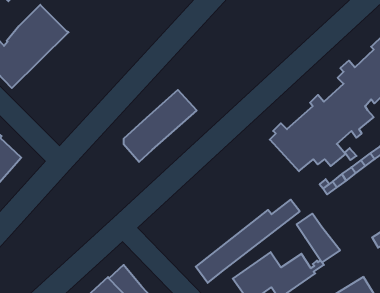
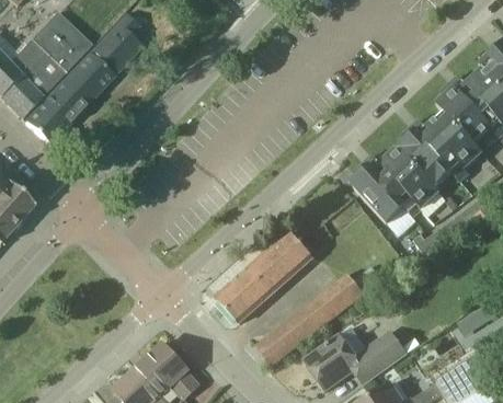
building: none -> [25,12,144,143]
building: [124,90,197,162] -> [219,230,312,322]
building: [297,214,340,263] -> none

